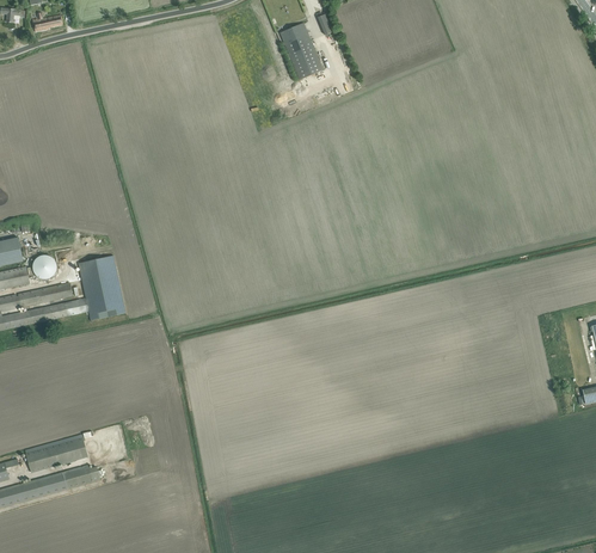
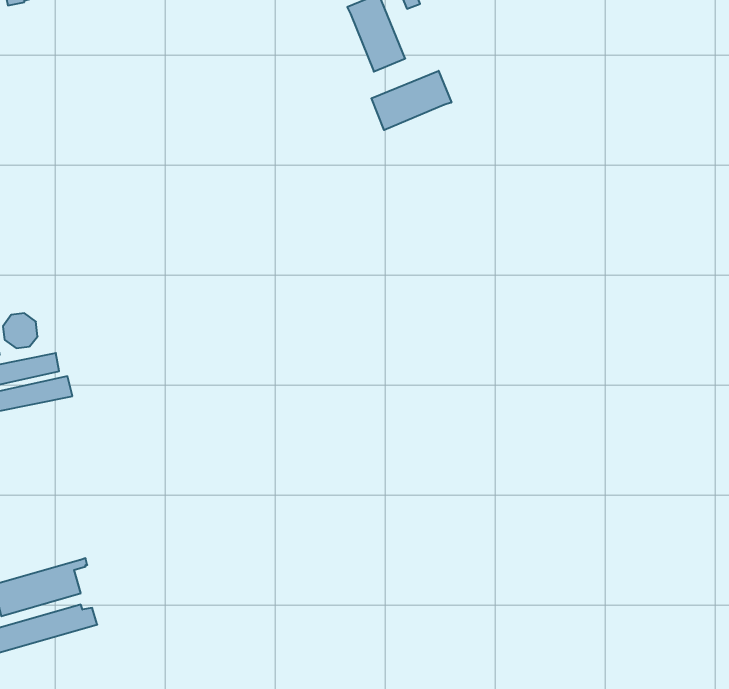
building: none -> [371,71,451,130]
building: [78,254,125,320] -> none

